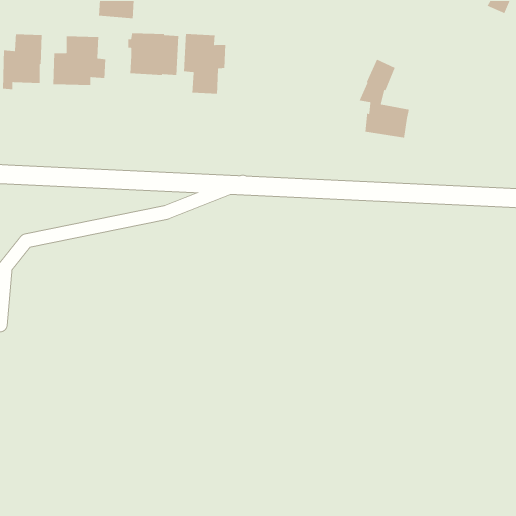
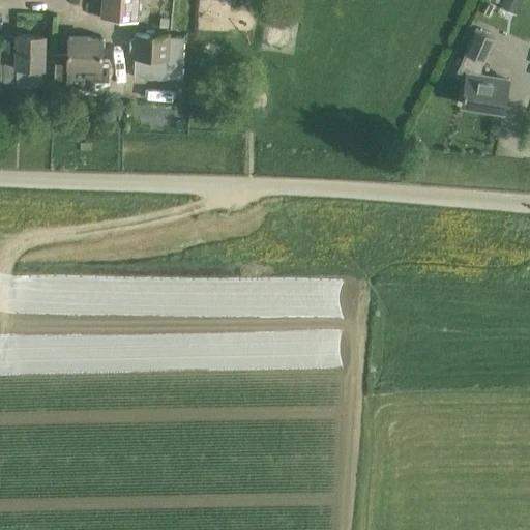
building: [183,33,226,95] -> none
building: [358,58,410,138] -> [457,29,509,111]

